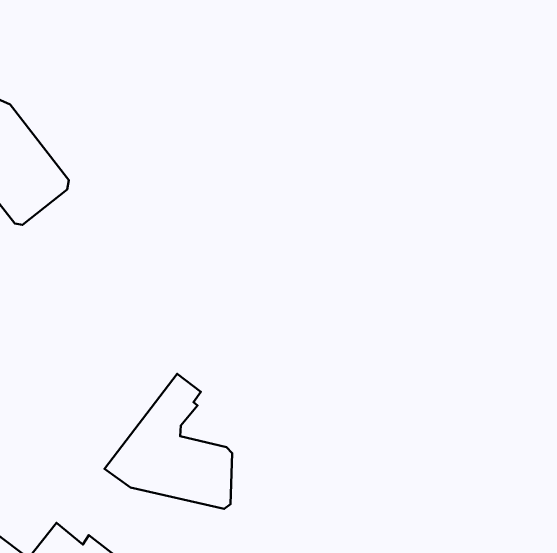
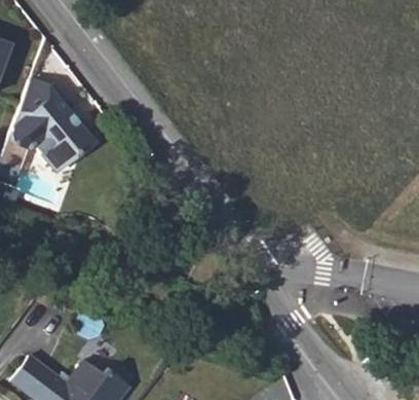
building: [105,374,232,509] -> none

